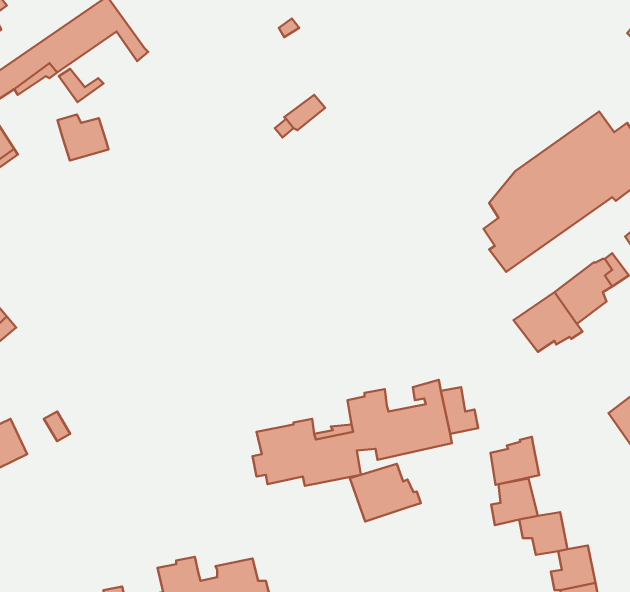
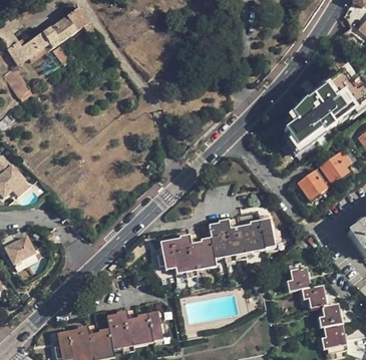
building: [58,115,109,161] -> none
building: [490,437,539,485] -> none
building: [350,464,421,521] -> none

